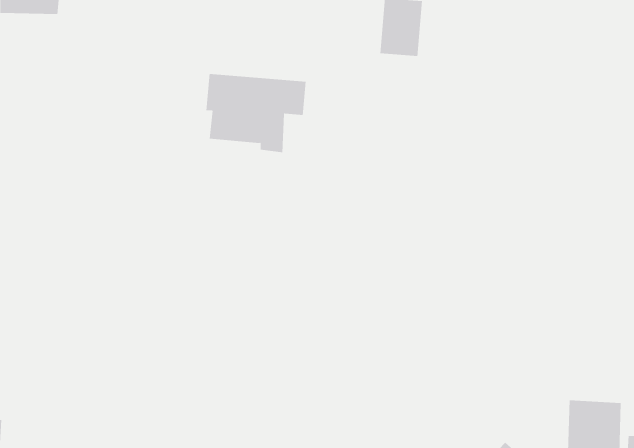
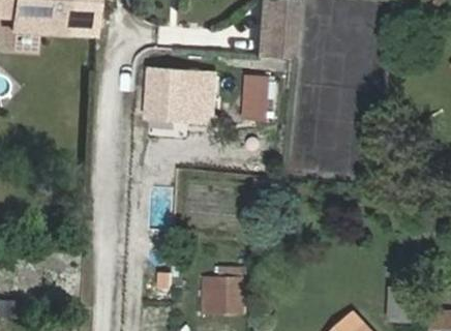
building: none -> [244,77,269,120]
building: none -> [204,279,243,311]

